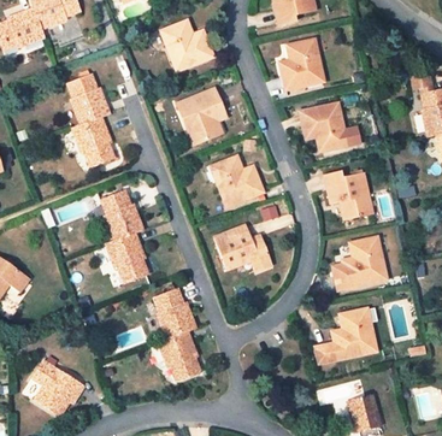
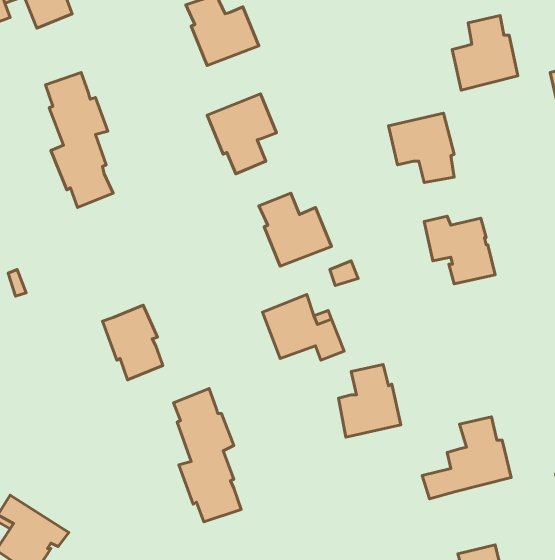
building: [279,39,324,89] -> [452,16,518,90]
building: [101,190,143,241] -> none
building: [343,237,385,287] -> [339,365,401,437]

